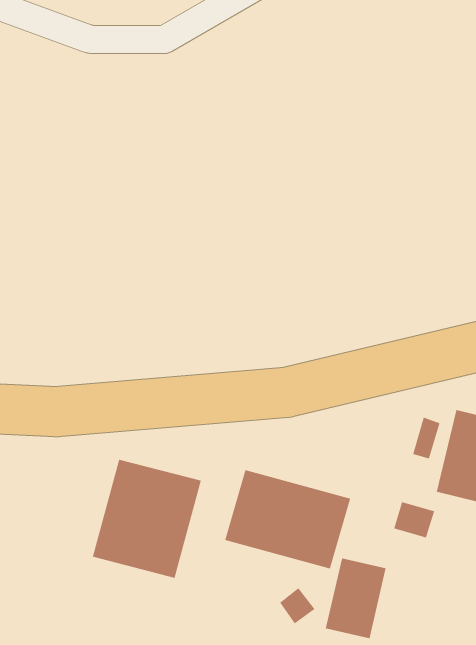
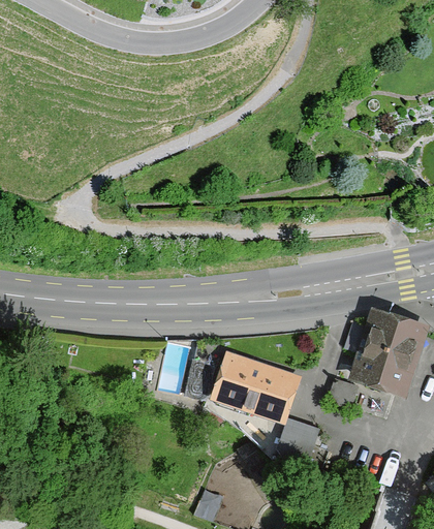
building: [92,459,202,579] -> none

